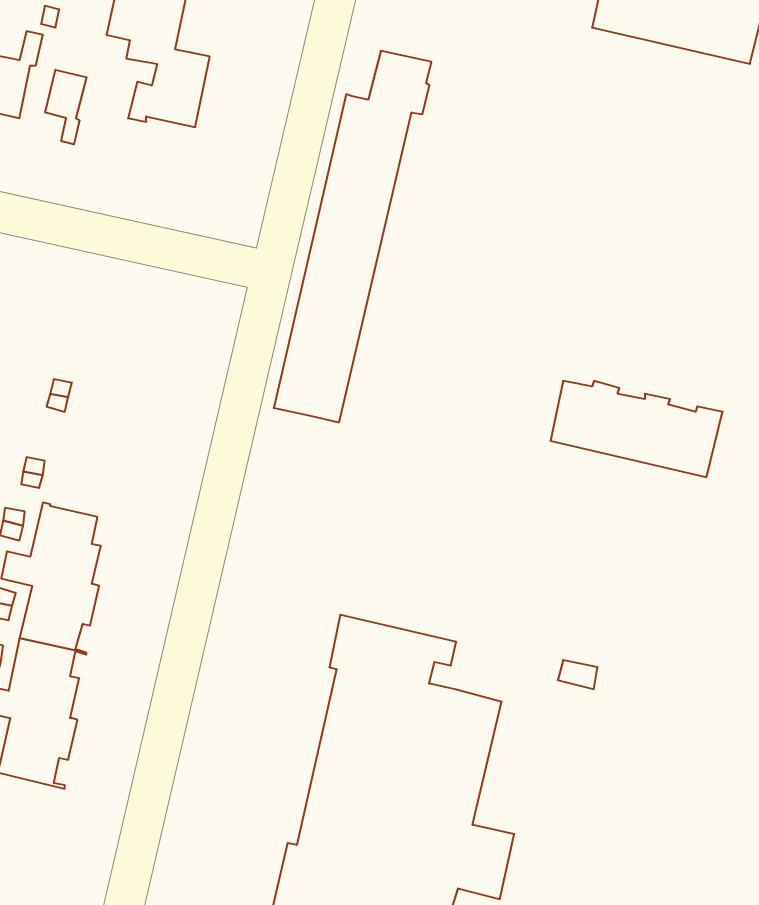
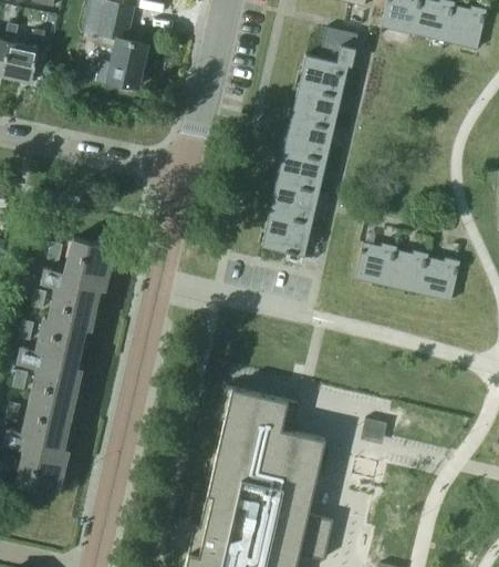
building: [274,51,431,422] -> [262,28,358,255]
building: [45,70,87,144] -> none
building: none -> [44,239,116,329]

